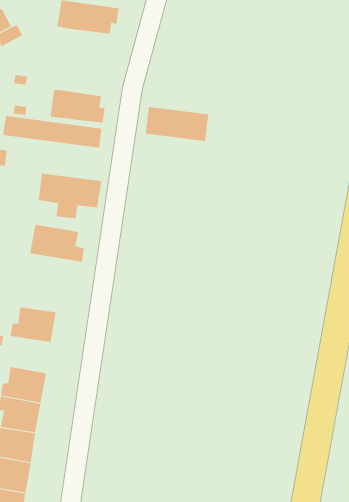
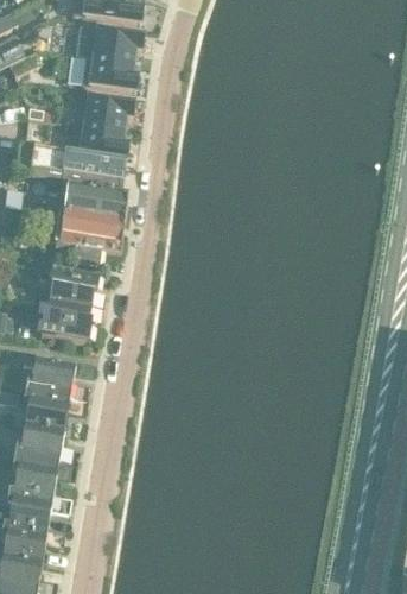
building: none -> [82,56,136,91]
building: none -> [76,94,133,129]
building: [145,107,209,141] -> [57,184,127,222]
building: none -> [39,302,102,342]
building: none -> [20,392,68,432]

